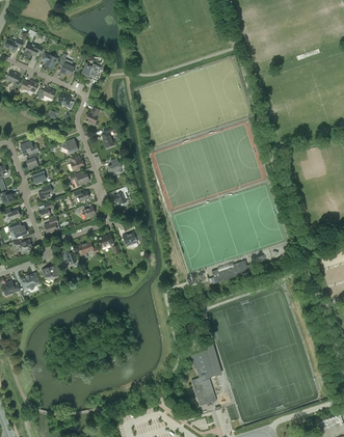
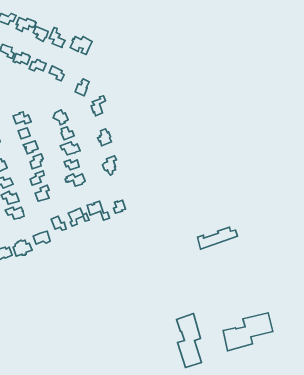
building: none -> [223,313,273,351]

